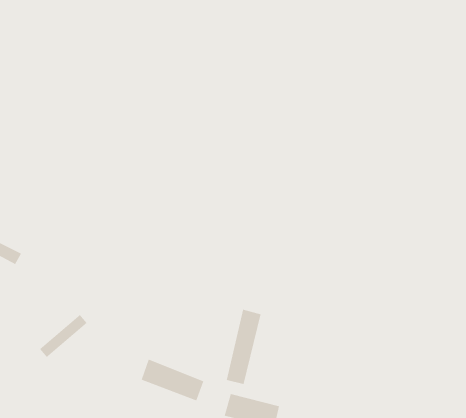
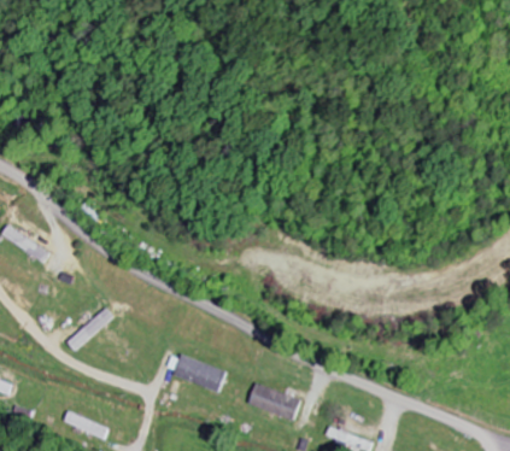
building: [226,309,261,385] -> none

